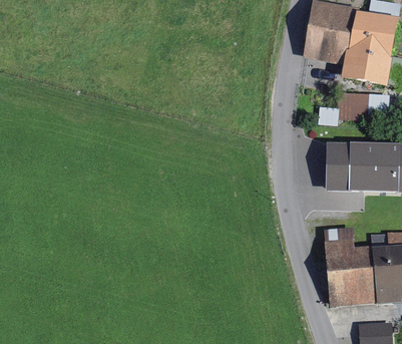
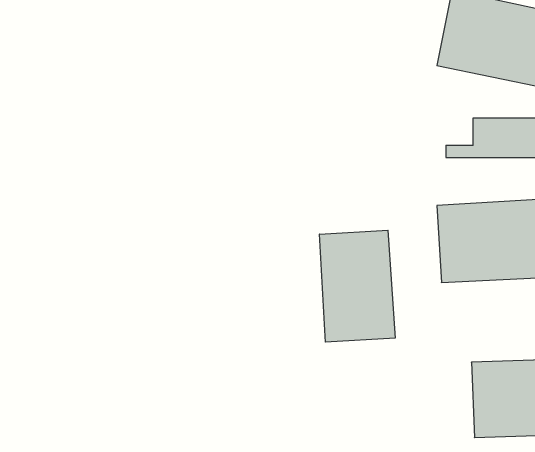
building: none -> [320,230,395,342]

